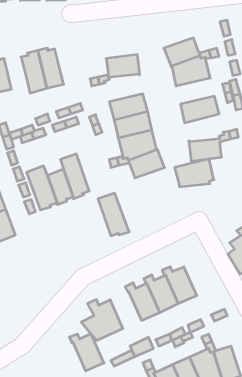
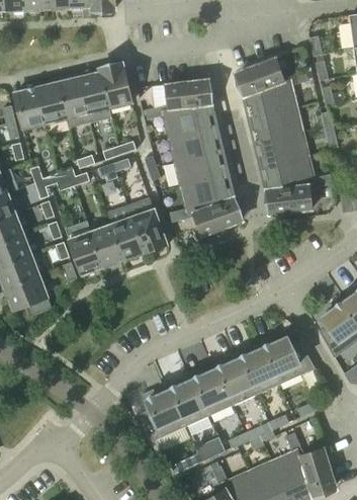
building: none -> [98,63,131,107]
building: none -> [36,82,67,122]
building: none -> [163,103,211,139]
building: none -> [253,108,301,142]
building: [175,159,214,187] -> [264,154,314,189]
building: [98,193,129,236] -> [127,197,167,251]
building: none -> [259,337,315,384]
building: [69,334,104,371] -> [166,379,209,425]

